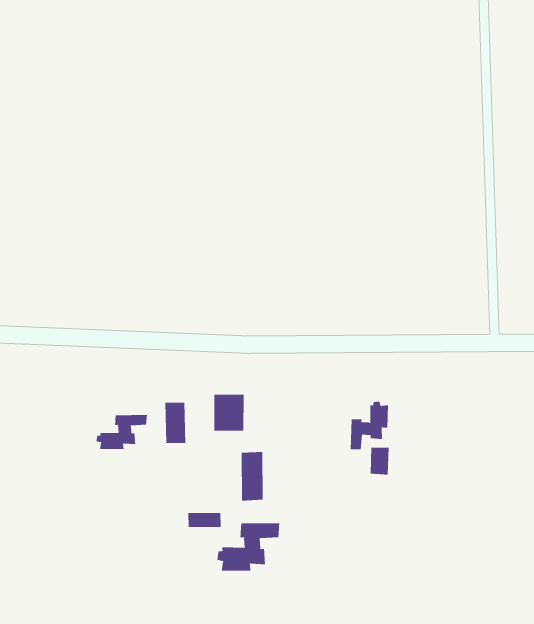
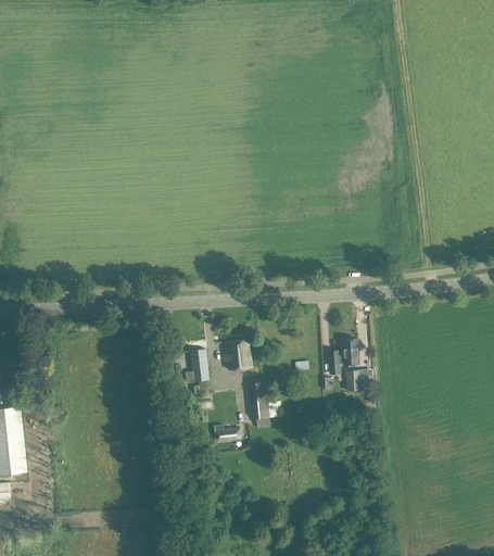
building: [96,414,147,450] -> none
building: [217,523,280,572] -> none

